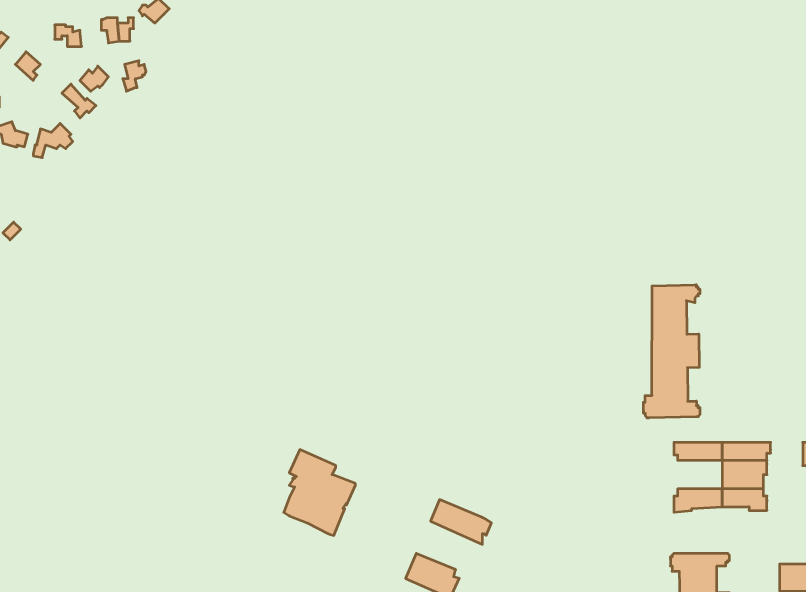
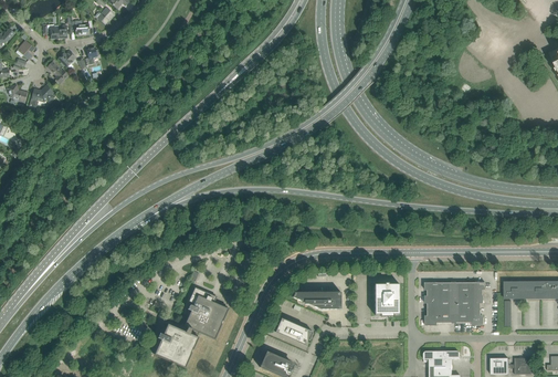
building: [643,285,700,418] -> none
building: none -> [375,282,400,316]
building: none -> [293,291,341,308]
building: none -> [425,293,455,311]
building: none -> [154,323,199,368]

